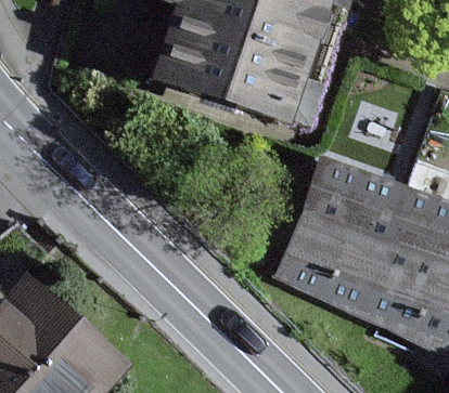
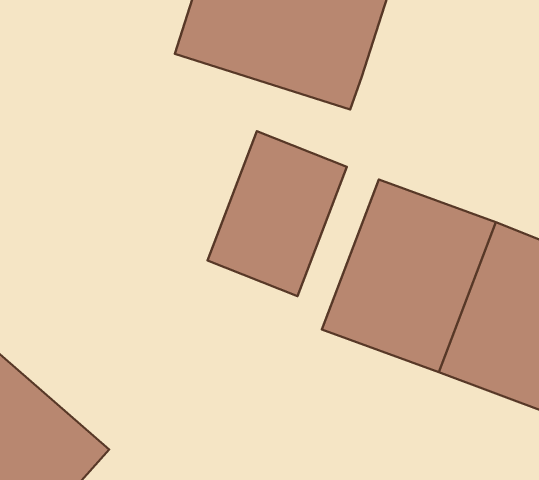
building: none -> [207,131,347,296]

